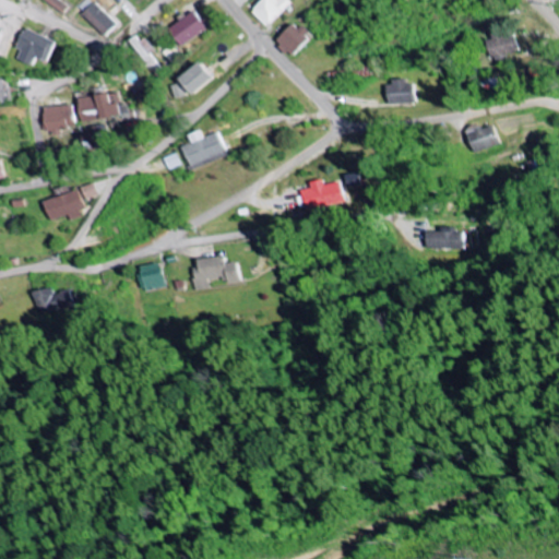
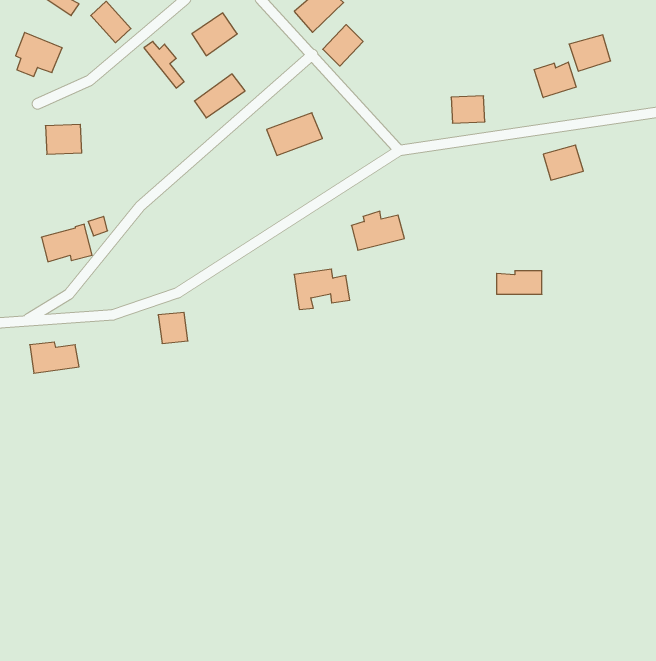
building: none -> [534,62,576,98]
building: [78,92,129,121] -> none
building: [181,132,228,168] -> [267,113,322,155]
building: [192,255,239,289] -> [294,269,350,309]

